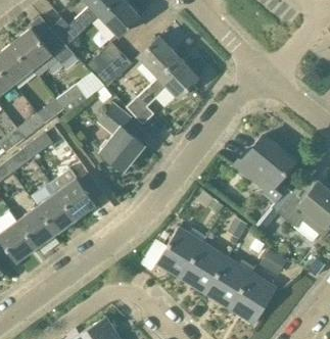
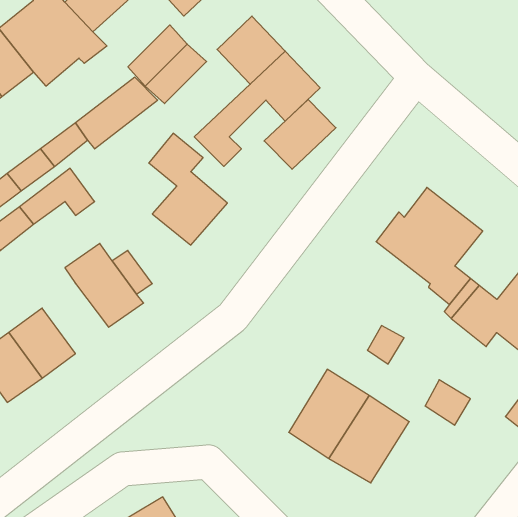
building: none -> [264,99,336,169]
building: [37,192,76,233] -> none
building: [156,227,203,279] -> none
building: [229,273,276,324] -> none

